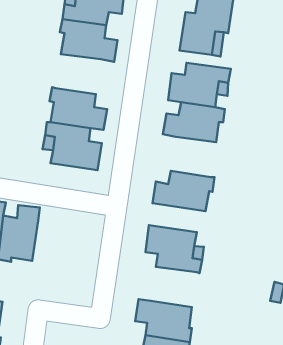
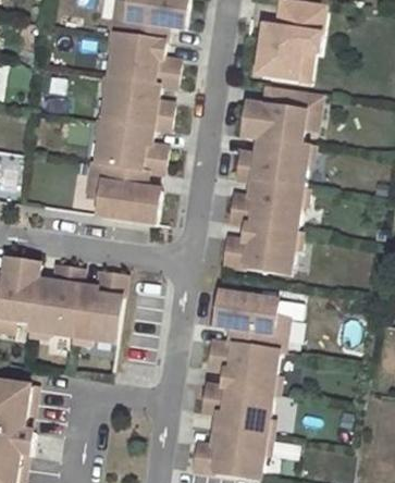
building: none -> [100,77,172,131]
building: none -> [229,182,306,232]
building: none -> [71,272,124,343]
building: none -> [207,340,277,394]

